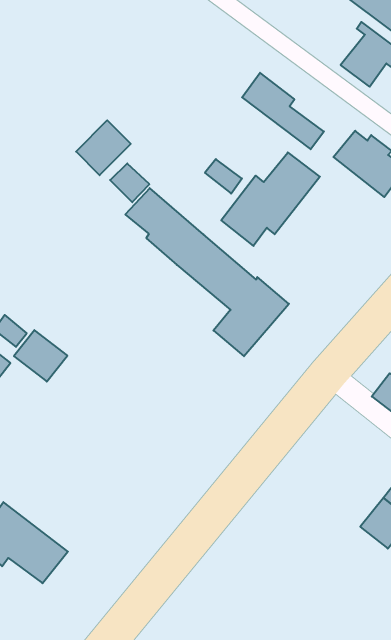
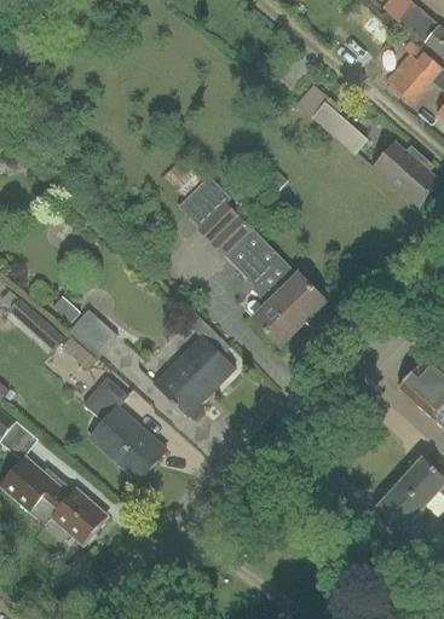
building: [76,120,131,175] -> none
building: [221,152,320,246] -> none
building: none -> [154,317,236,417]
building: none -> [82,376,166,480]

